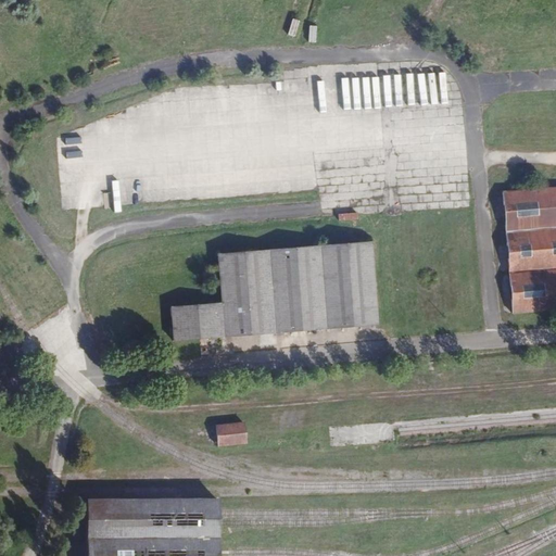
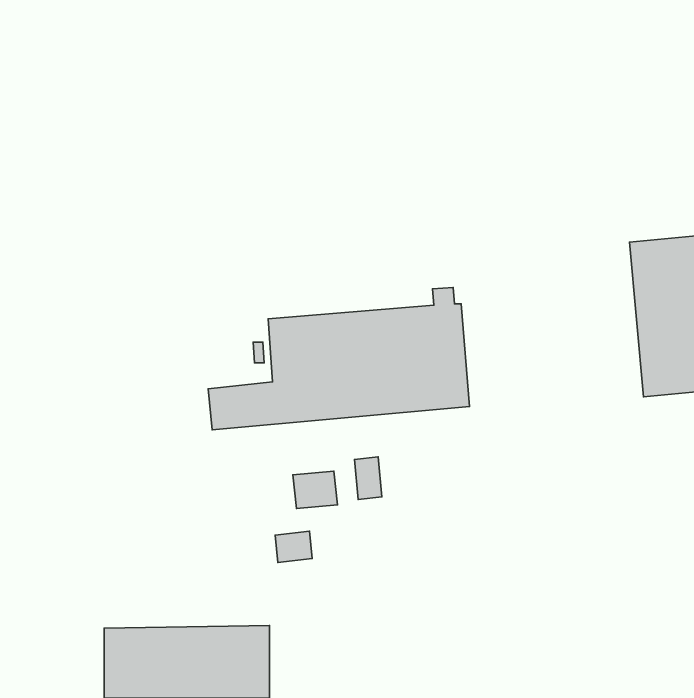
building: none -> [355,457,382,500]
building: none -> [293,471,338,508]

